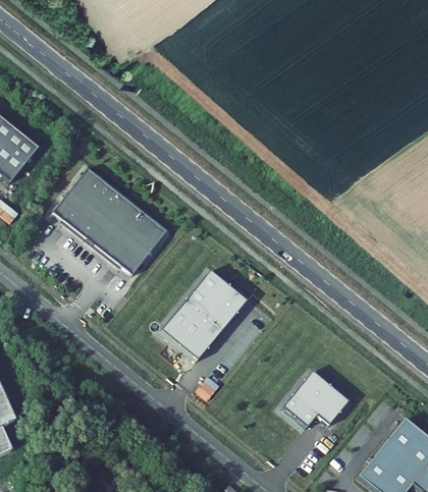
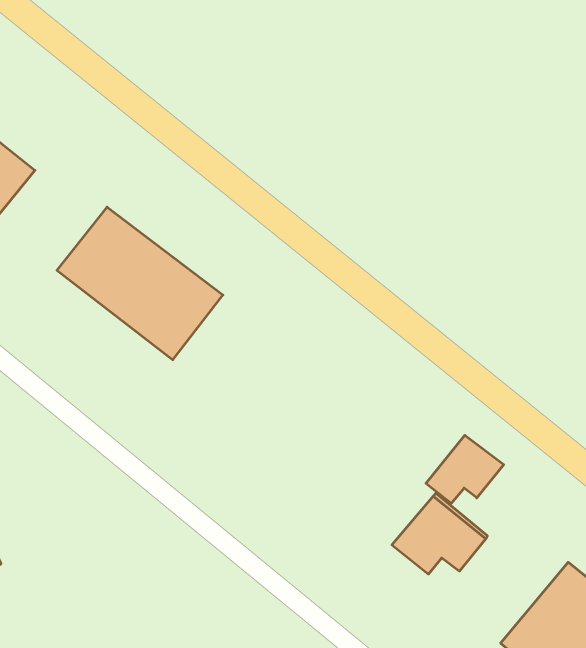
building: [164,269,250,359] -> none
building: none -> [426,435,504,503]

